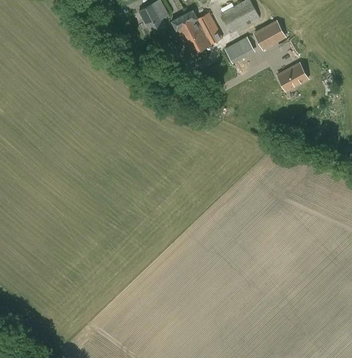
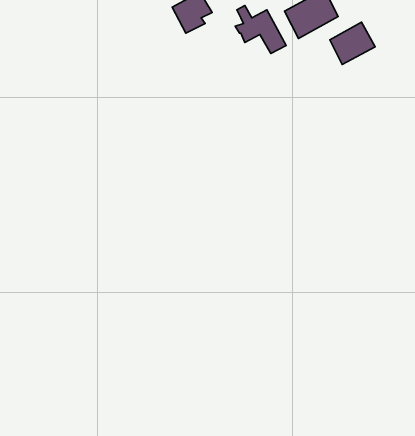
building: [170,13,210,56] -> none
building: [224,36,253,60] -> none
building: [276,64,307,91] -> none

